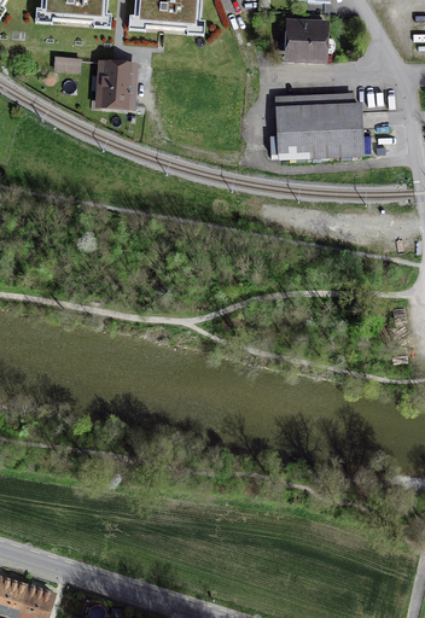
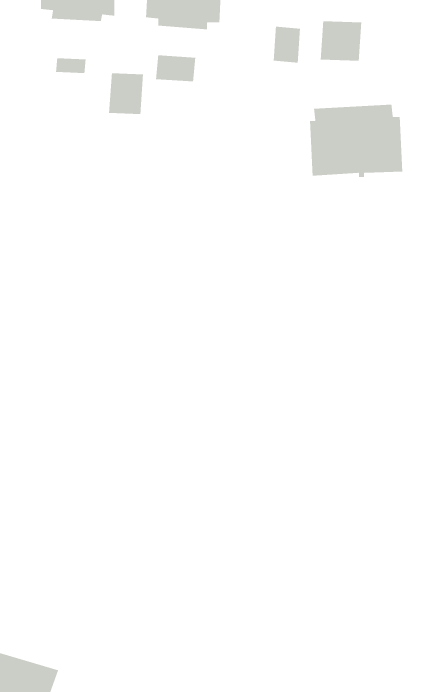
building: none -> [273,26,301,64]
building: none -> [155,54,196,82]

